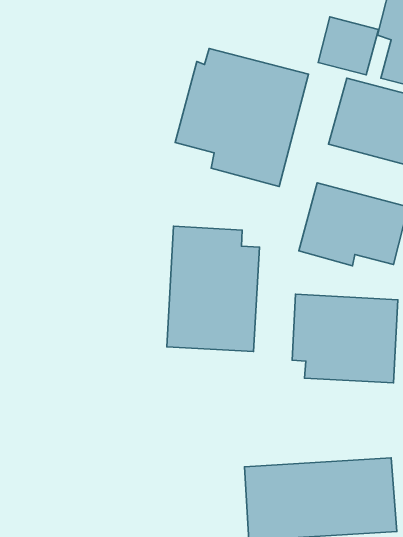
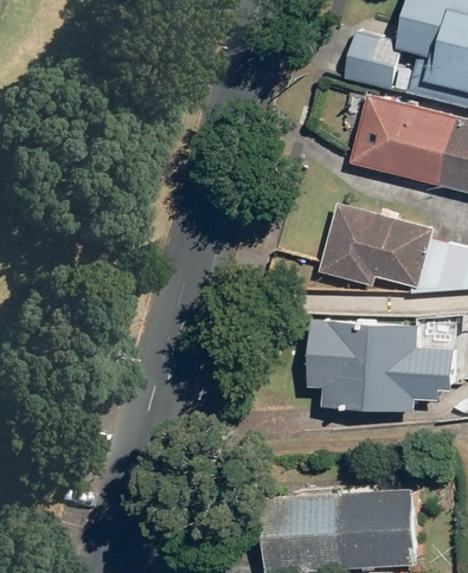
building: [175,49,309,187] -> none
building: [167,226,259,352] -> none

